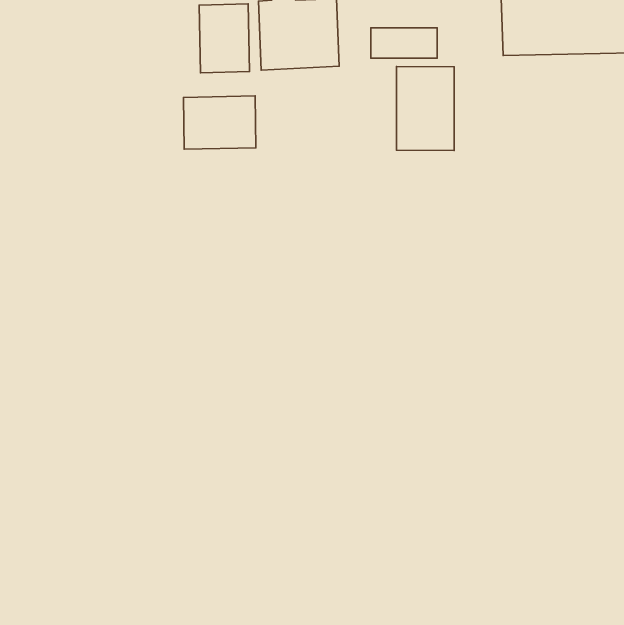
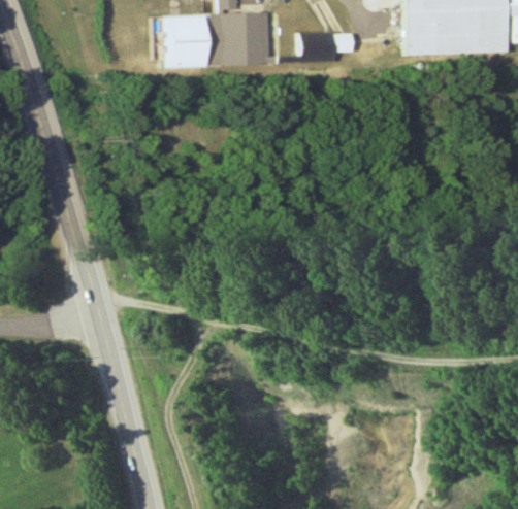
building: [396,66,454,151] -> none
building: [183,96,256,149] -> none

